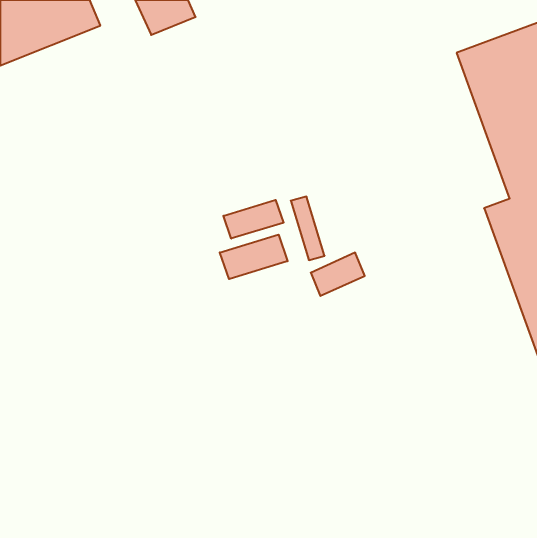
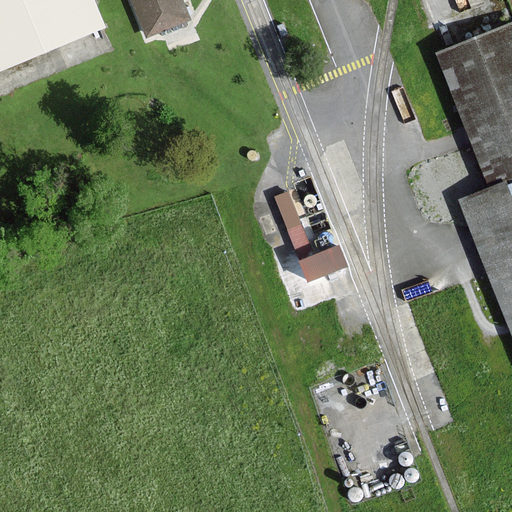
building: [223,200,284,239] -> none
building: [220,235,288,279] -> none

